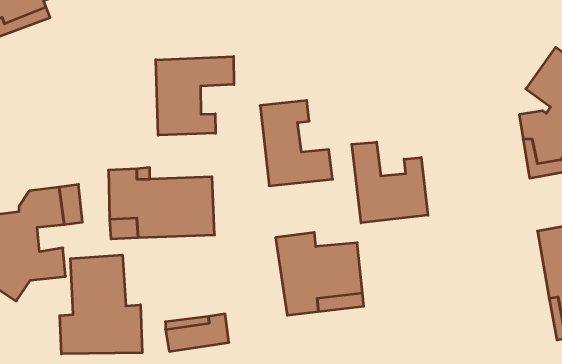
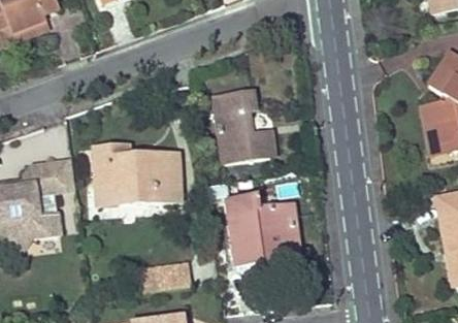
building: [156,56,234,135] -> none
building: [352,142,428,223] -> none
building: [60,255,142,354] -> none

